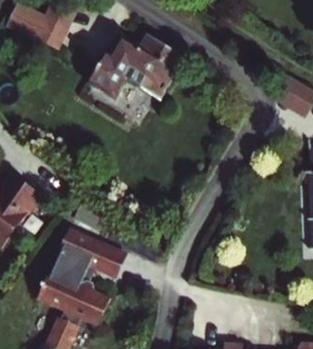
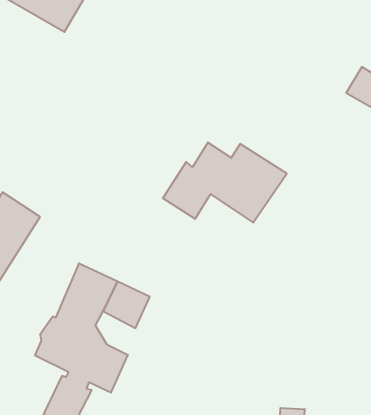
building: [86,35,182,97] -> [163,142,287,223]

